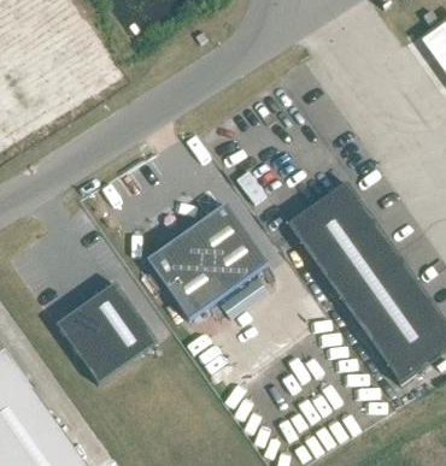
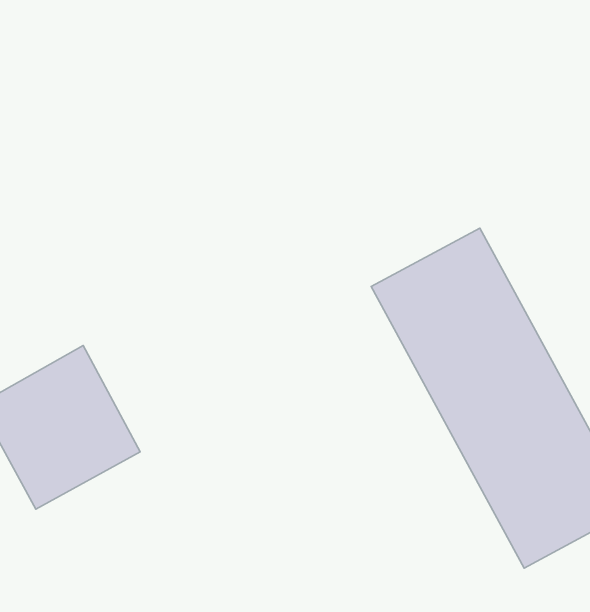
building: [147,203,269,319] -> none

